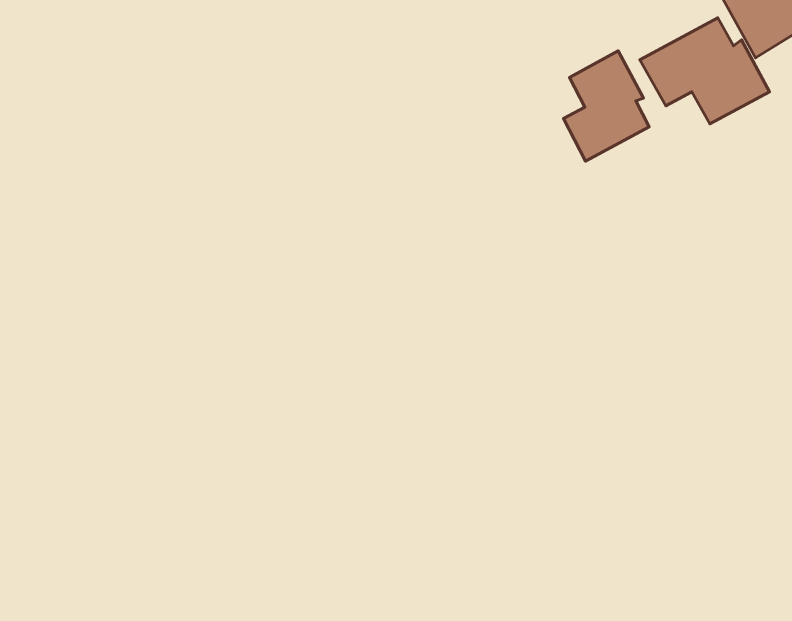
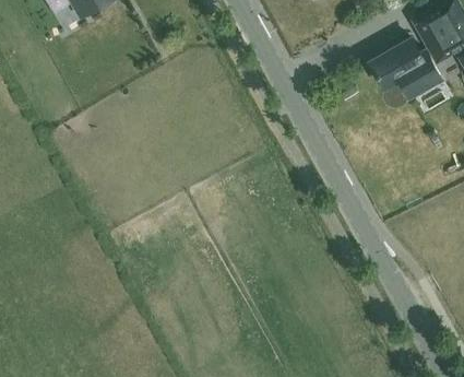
building: [564,51,649,161] -> none

